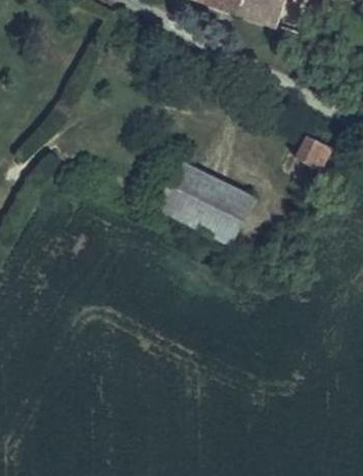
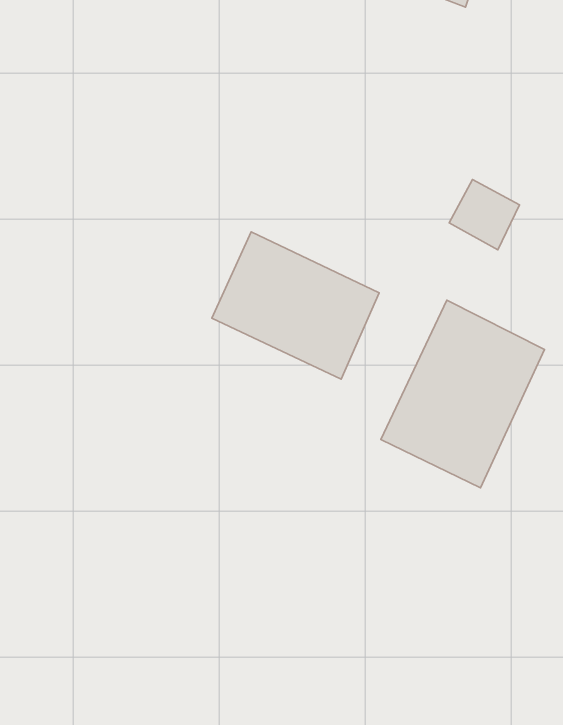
building: none -> [381,300,545,488]

